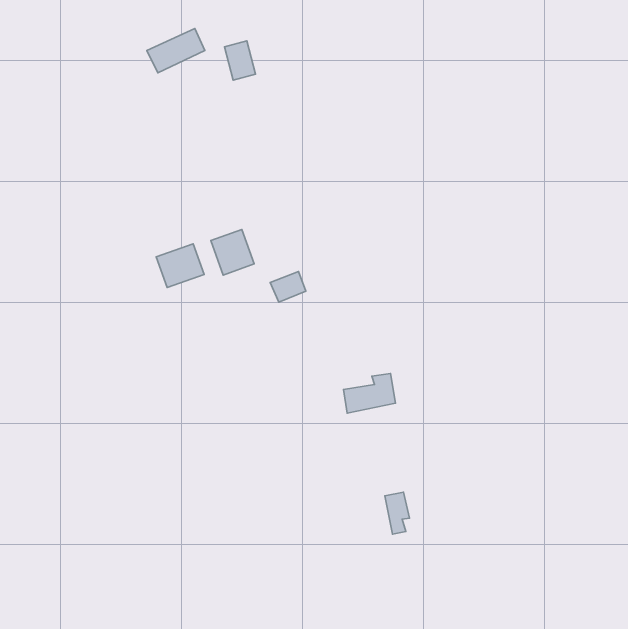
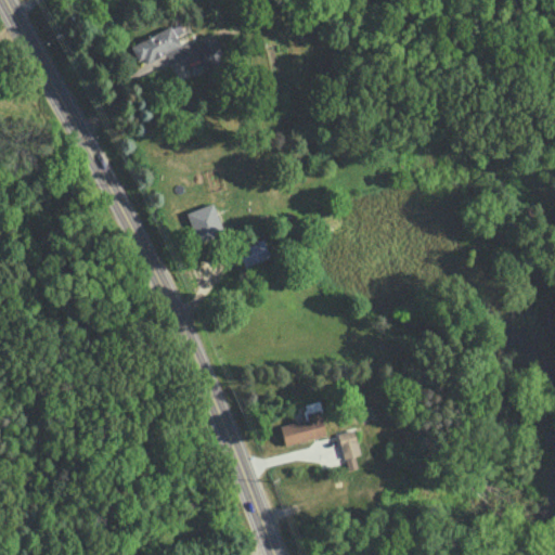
building: [156,244,204,287] -> none
building: [344,374,395,413] -> [281,411,326,446]

